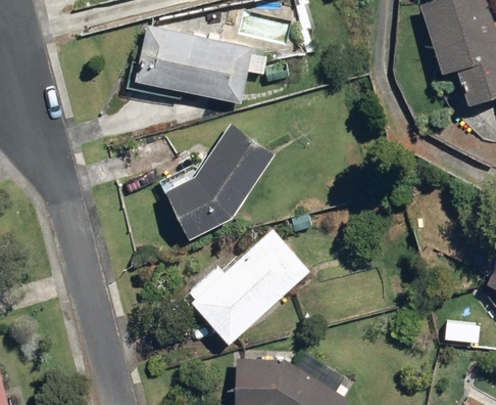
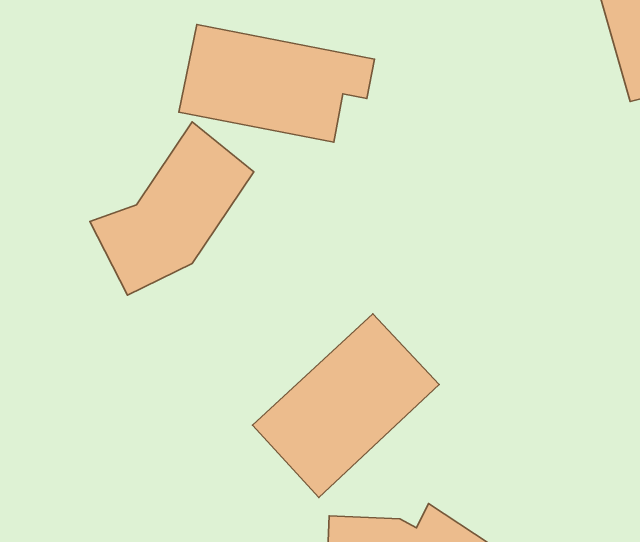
building: [162,121,274,238] -> [90,122,254,295]

